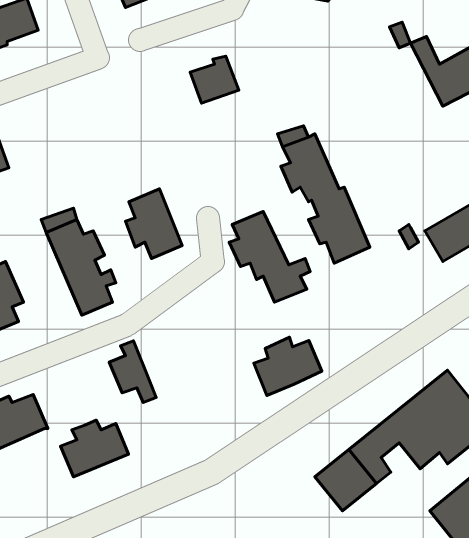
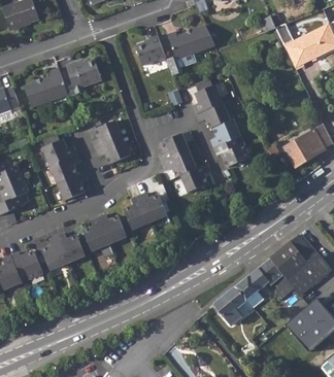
building: none -> [166,25,215,77]
building: none -> [66,58,102,94]
building: none -> [24,68,68,107]
building: none -> [99,214,127,243]
building: [254,337,322,396] -> [125,193,168,230]
building: [61,420,129,477] -> [42,234,86,270]

